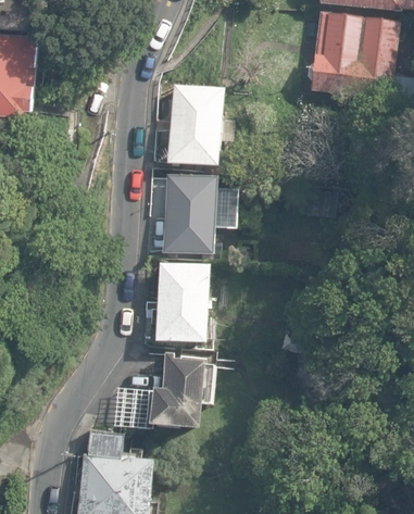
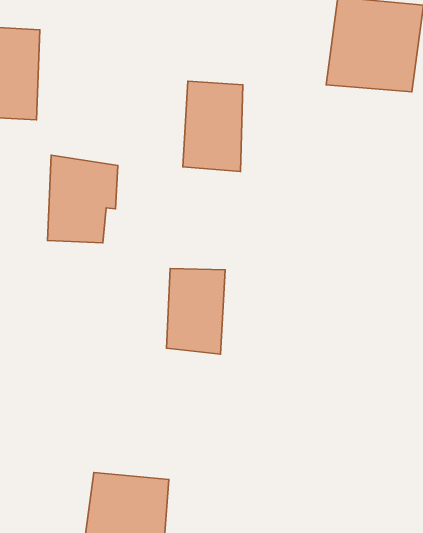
building: [162,173,227,254] -> [48,155,118,243]
building: [115,352,206,424] -> none

